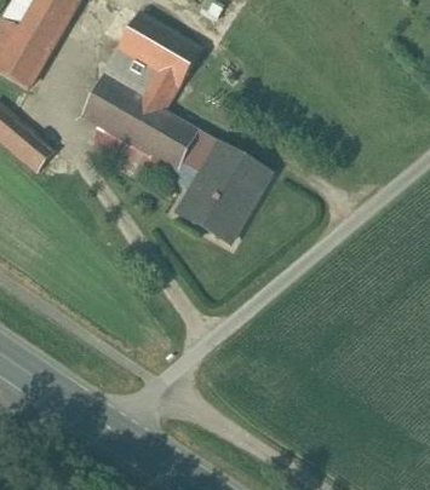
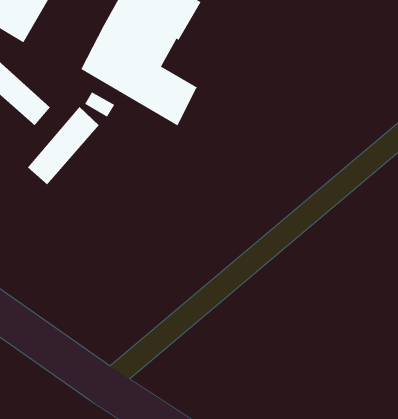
building: [180,133,270,242] -> none
building: none -> [27,106,100,185]

